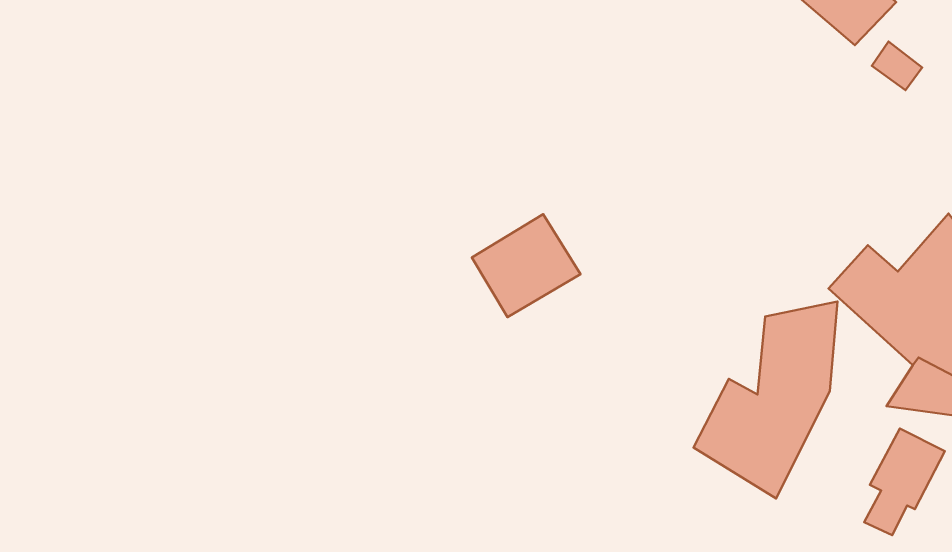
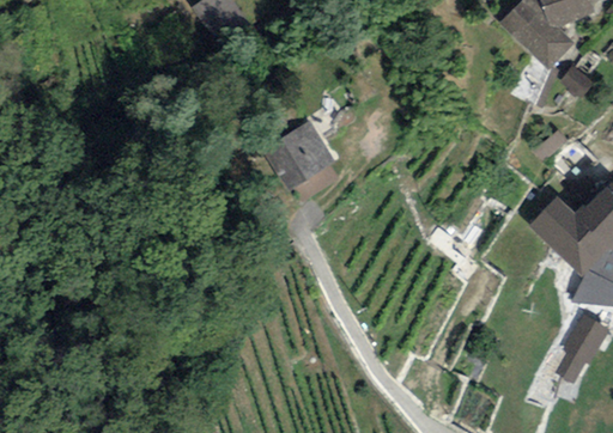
building: [472,214,581,317] -> [265,121,334,187]
building: [693,302,838,498] -> none

